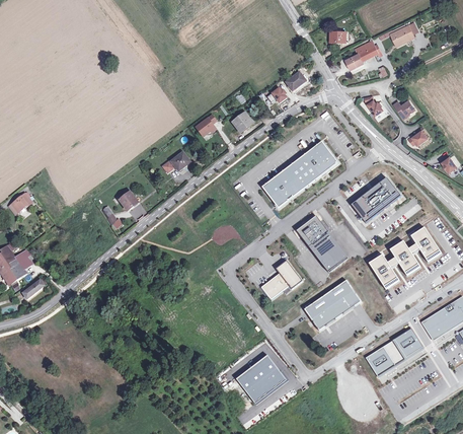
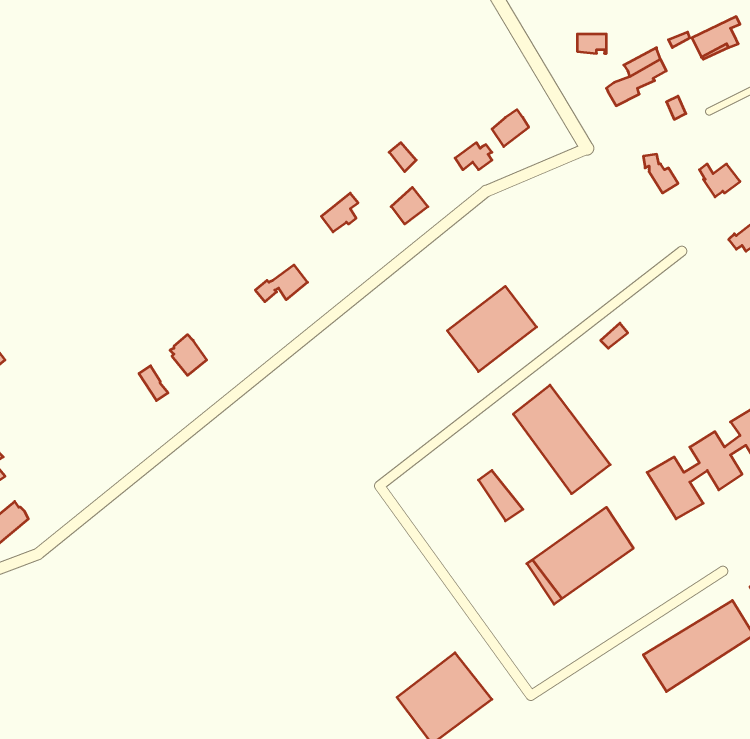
building: [293,141,337,185] -> none
building: [352,176,401,222] -> none
building: [260,265,293,298] -> none

